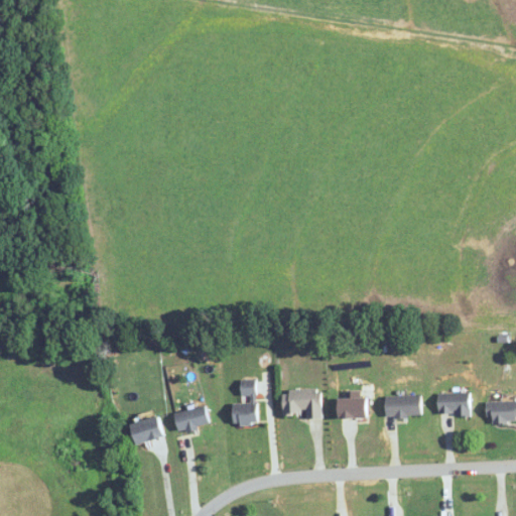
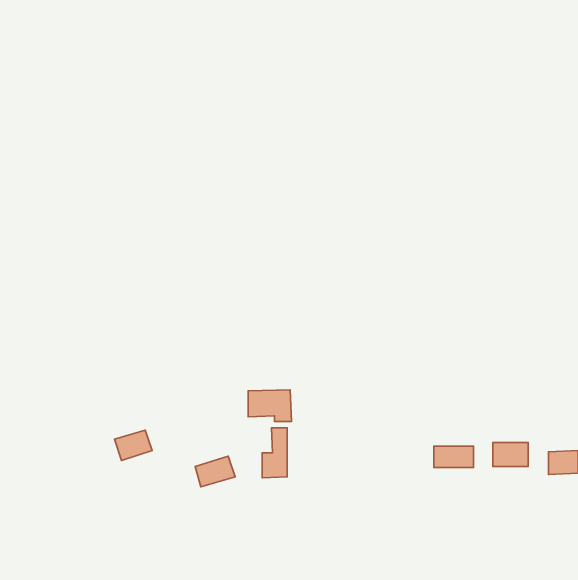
building: [282,389,320,417] -> [248,390,291,421]
building: [338,397,366,416] -> none
building: [130,416,163,443] -> [115,430,152,461]

